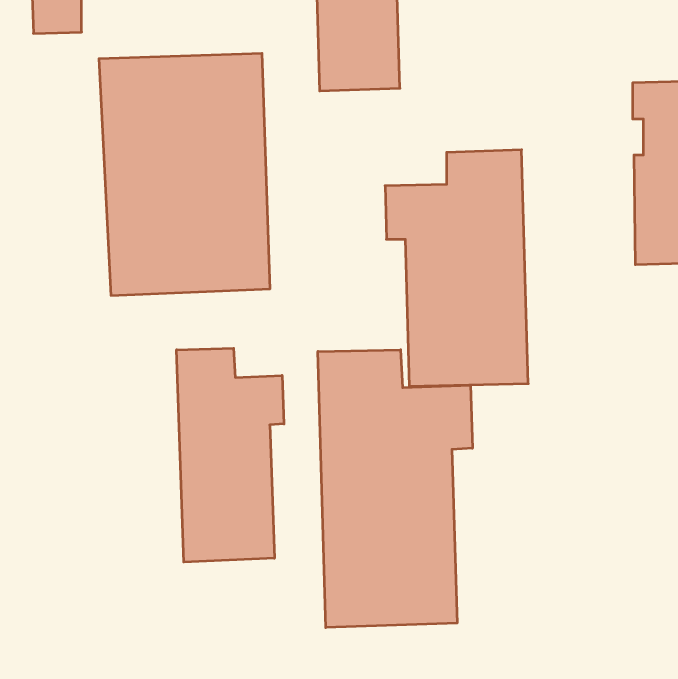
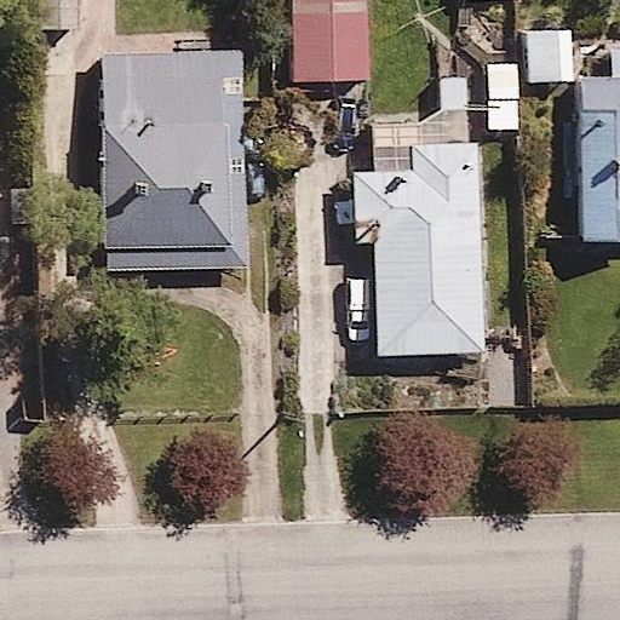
building: [177,348,284,562] -> none
building: [318,350,472,628] -> none

